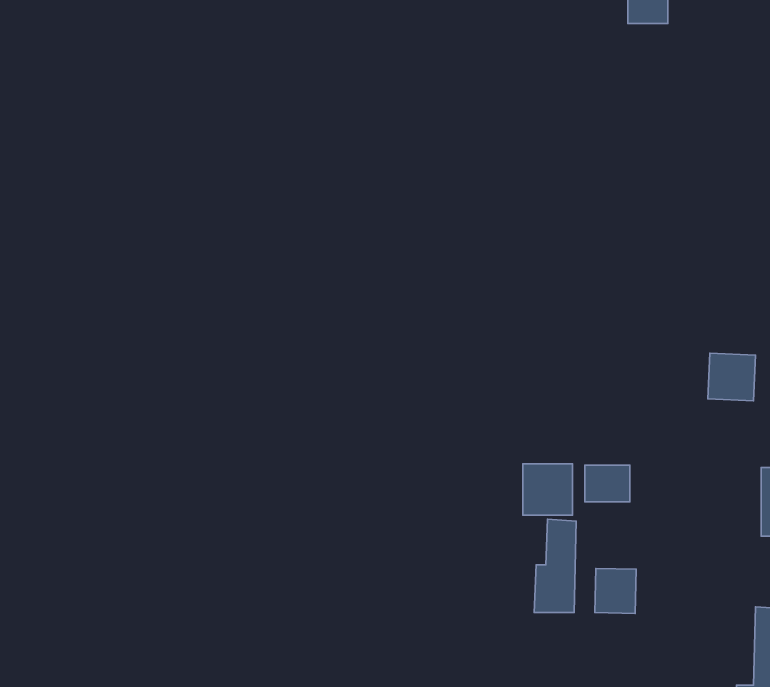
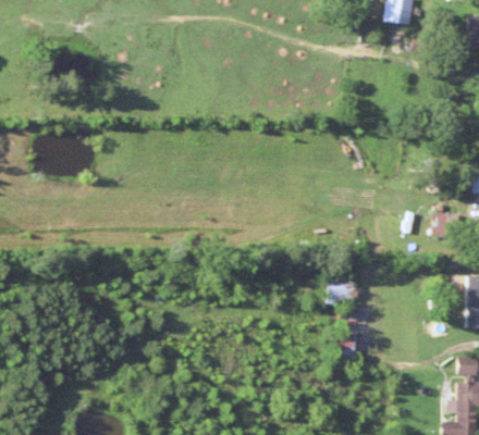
building: [585,465,630,502] -> none
building: [595,568,636,613] -> none

